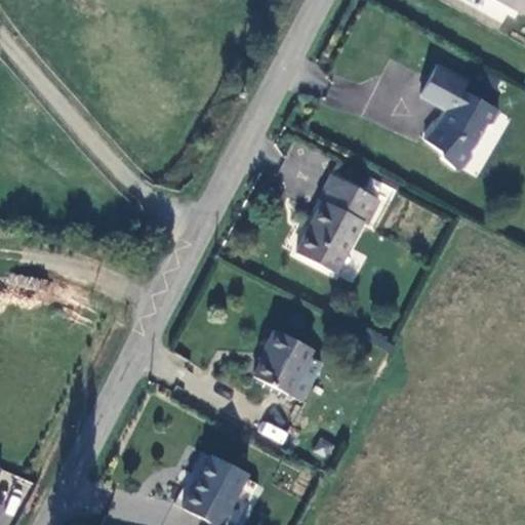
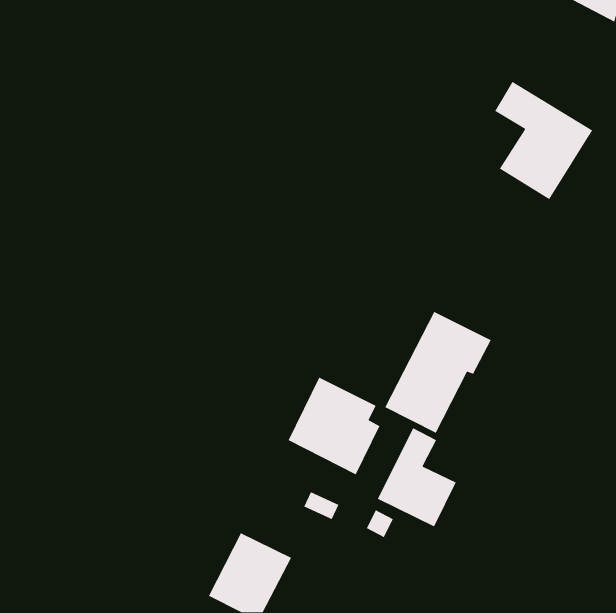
building: [293,170,385,275] -> [384,311,492,434]
building: none -> [377,427,457,527]

